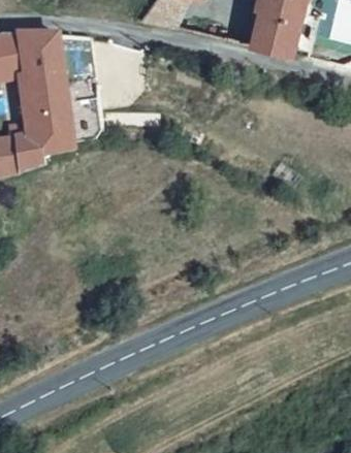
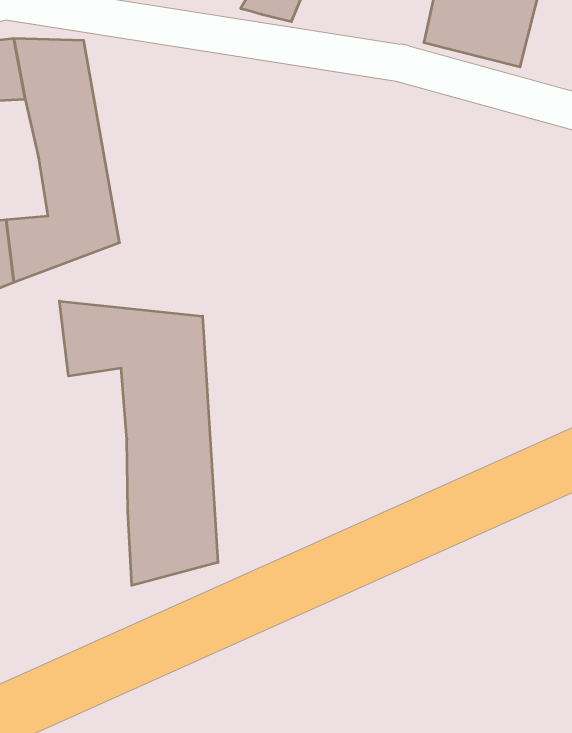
building: none -> [59,301,218,585]

